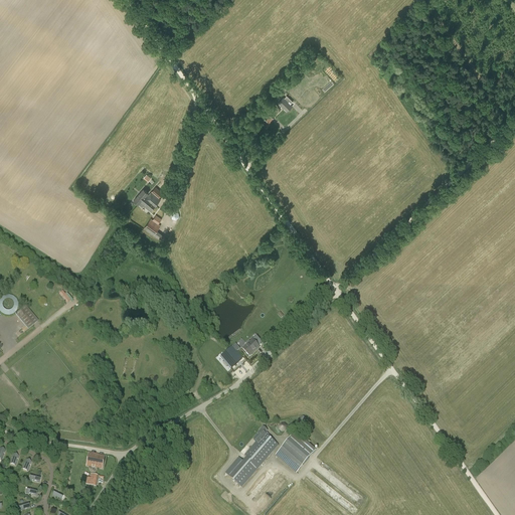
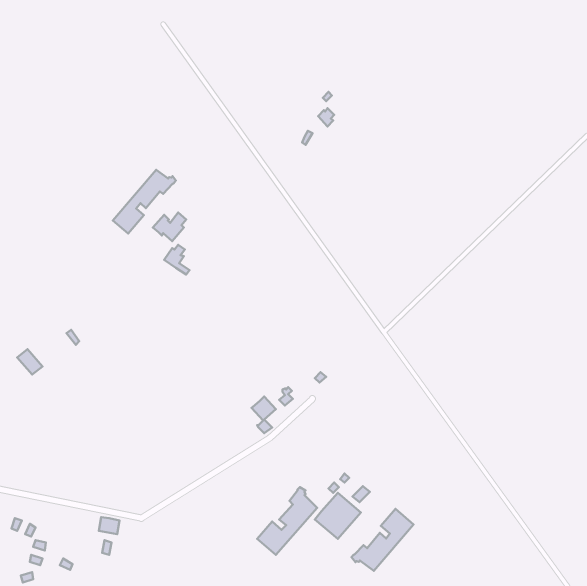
building: none -> [113,170,176,234]
building: none -> [351,509,414,571]

